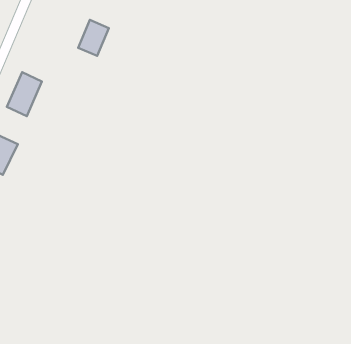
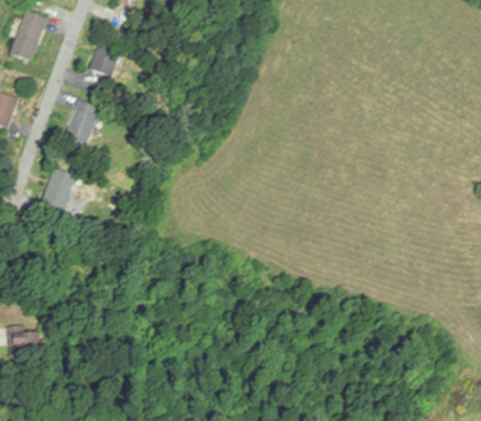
building: [78,20,109,56] -> [89,38,121,77]

